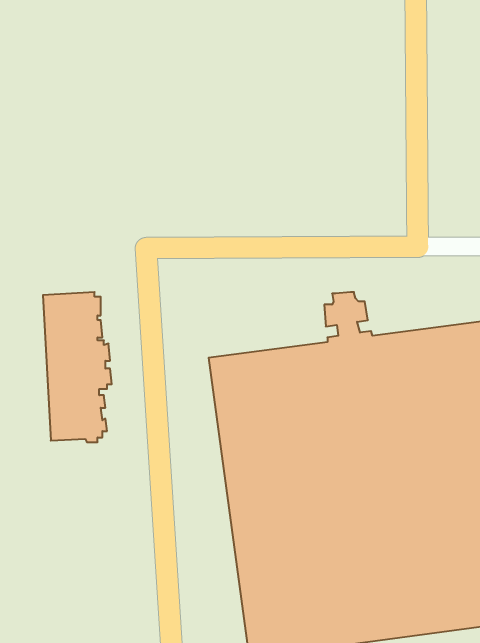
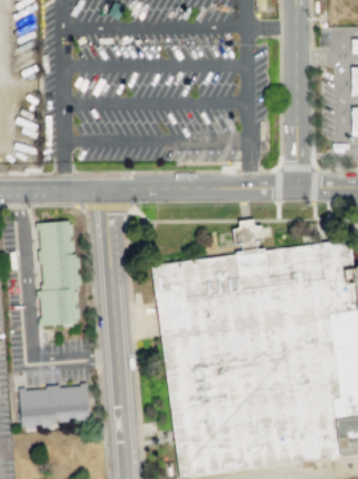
building: none -> [20,383,91,428]

